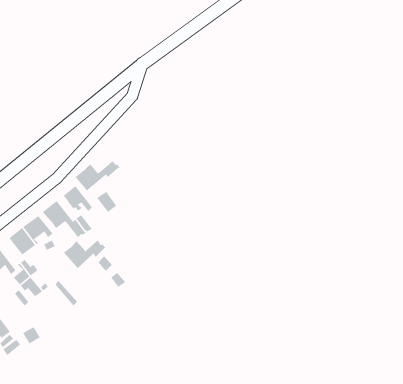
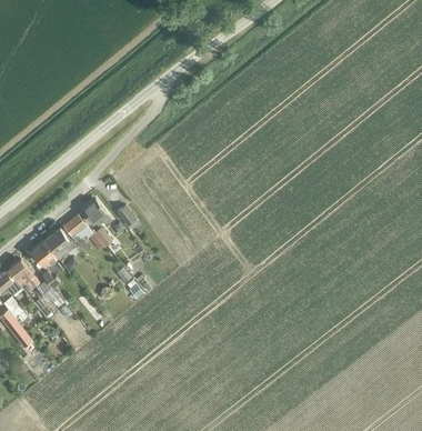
building: [74,160,121,192] -> none
building: [63,239,107,269] -> none

